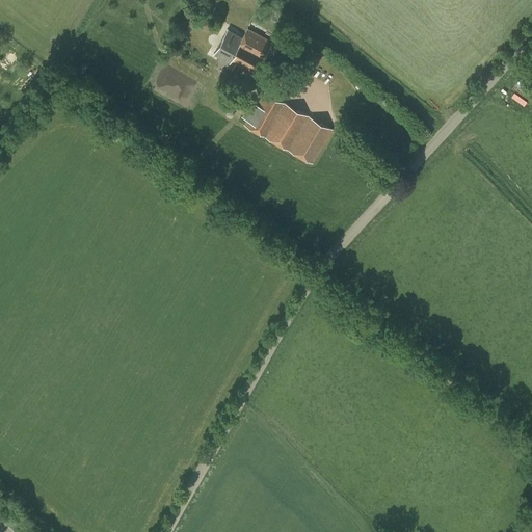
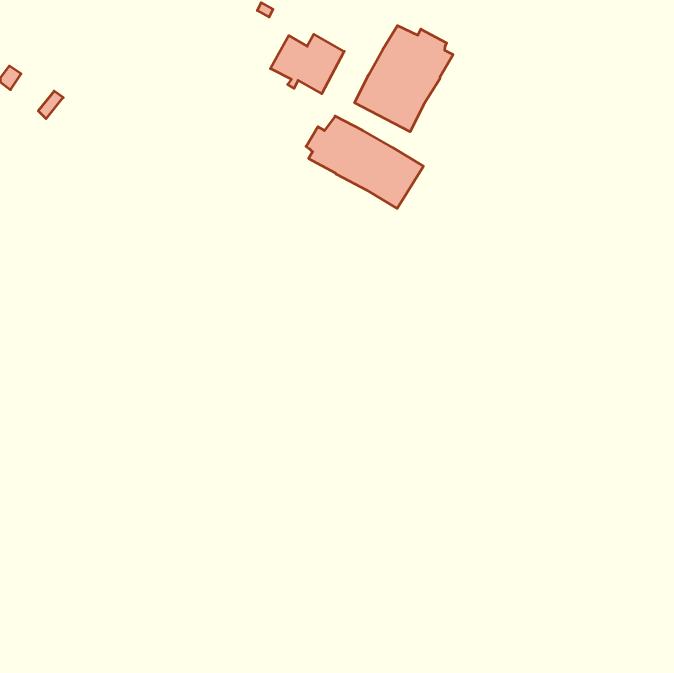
building: none -> [355,26,453,132]

